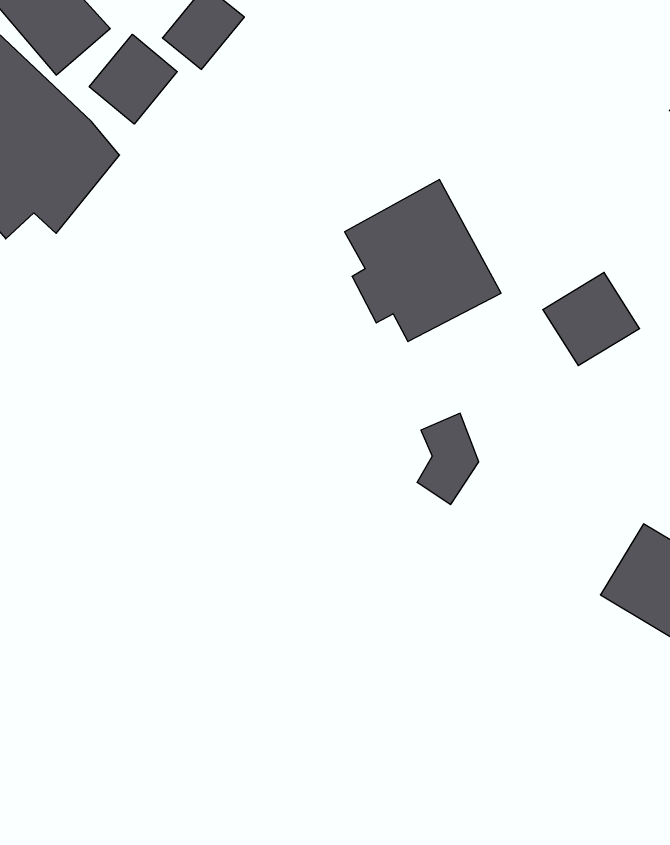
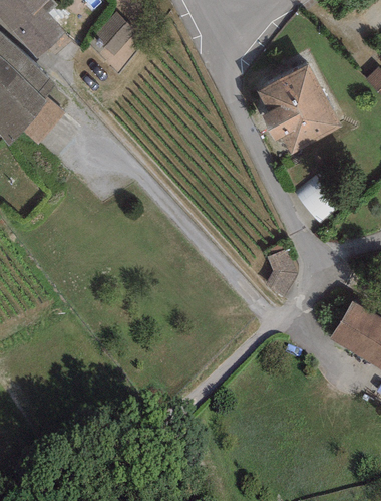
building: [89,34,177,124] -> none
building: [345,180,501,342] -> [256,64,340,152]
building: [417,413,479,505] -> [264,247,297,296]

